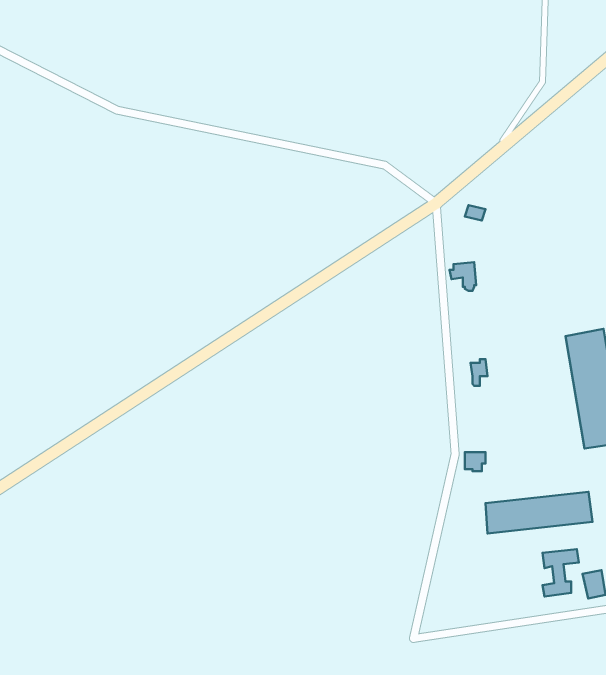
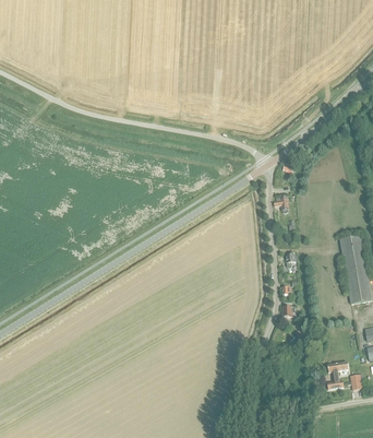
building: [485,492,592,533] -> none

